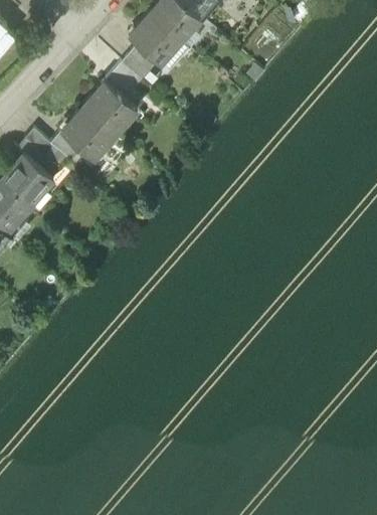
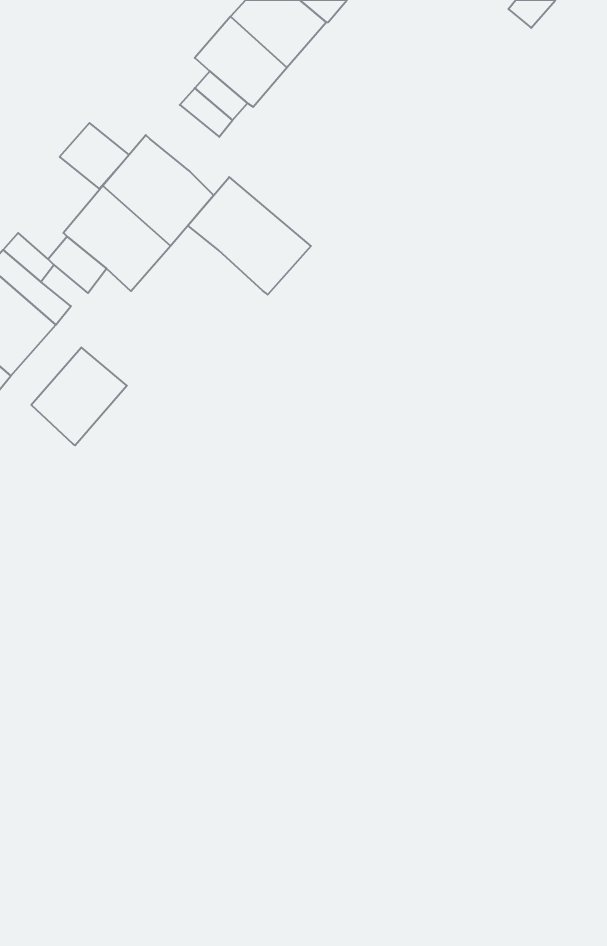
building: [105,62,142,98] -> [60,123,129,189]
building: none -> [188,177,311,295]
building: none -> [31,347,127,445]

